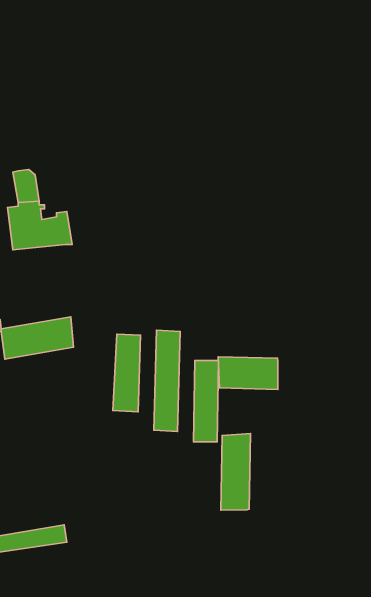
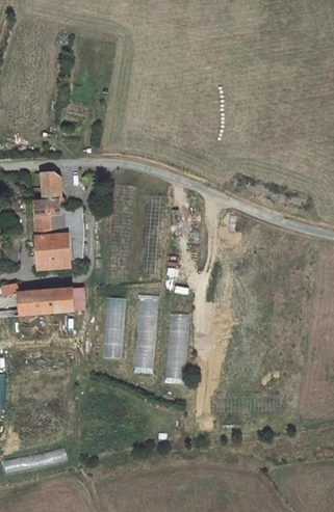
building: none -> [26,227,77,266]
building: [218,357,278,389] -> none
building: [221,433,251,510] -> none

